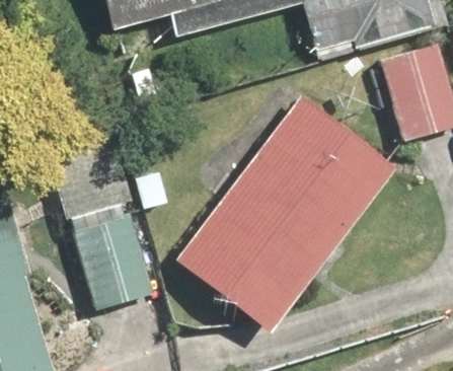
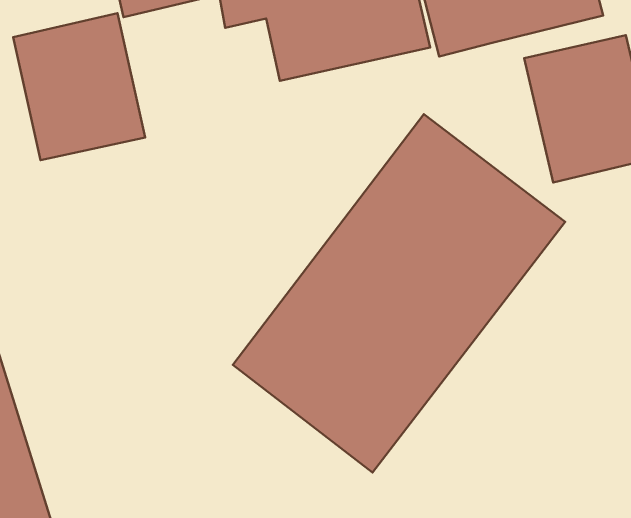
building: none -> [13,13,145,160]
building: [71,206,153,306] -> none

